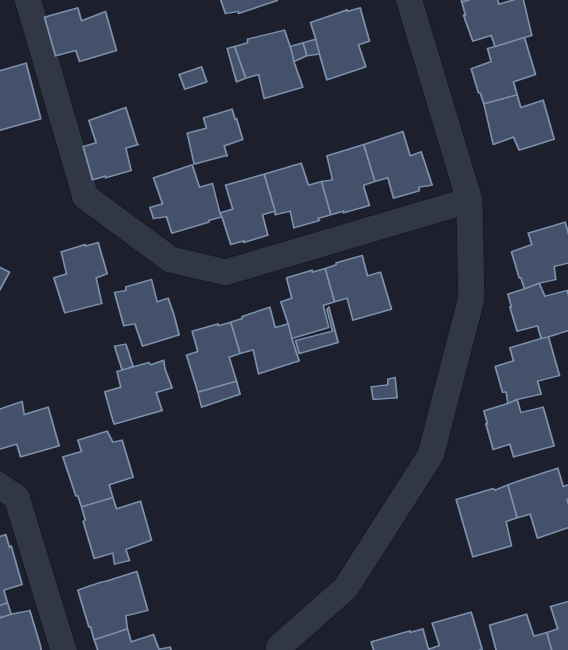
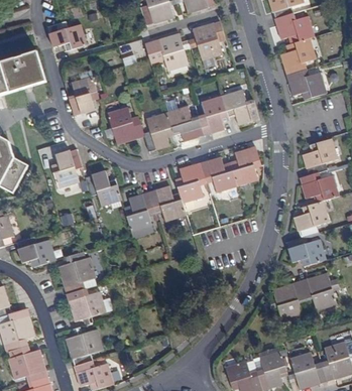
building: [187,109,243,164] -> none
building: none -> [231,146,261,185]
building: [105,360,172,424] -> none

